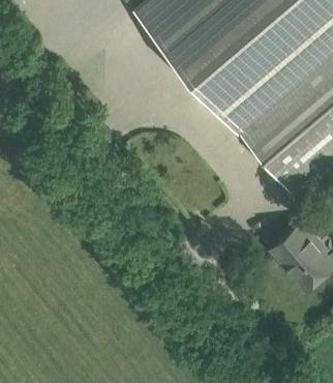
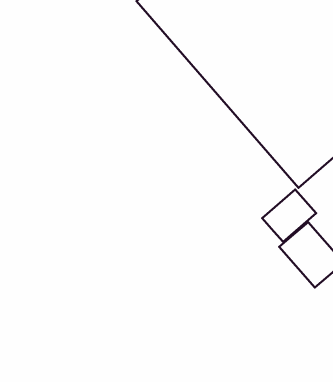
building: none -> [262,190,316,242]

